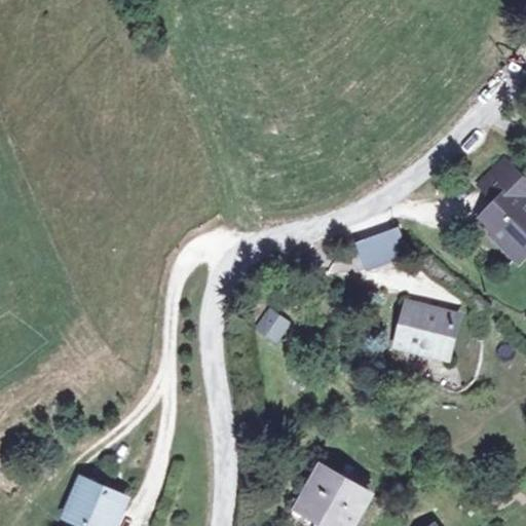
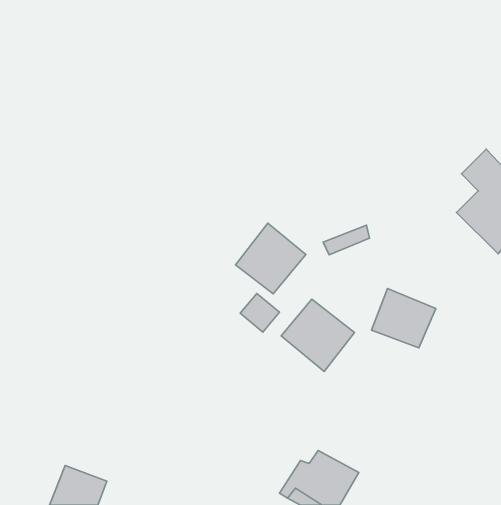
building: none -> [235,223,306,294]
building: none -> [281,299,355,371]

